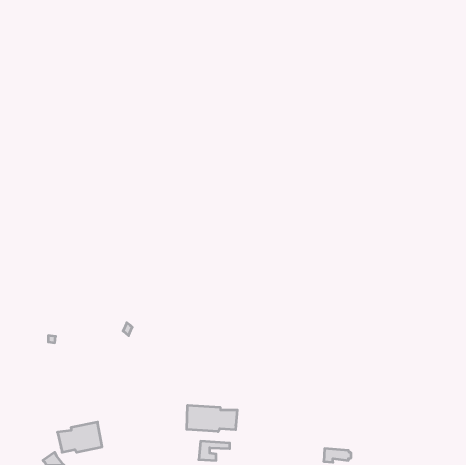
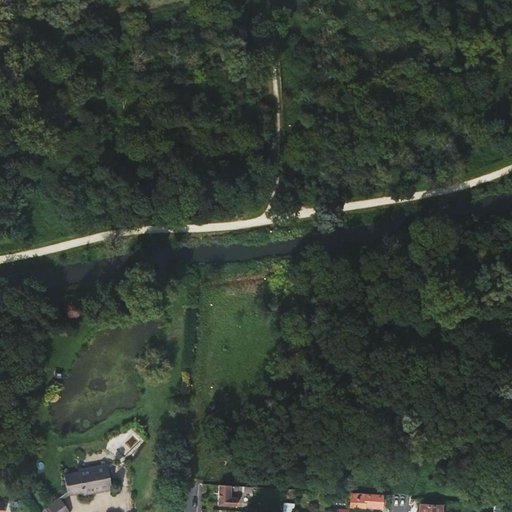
building: [187,405,237,432] -> none

